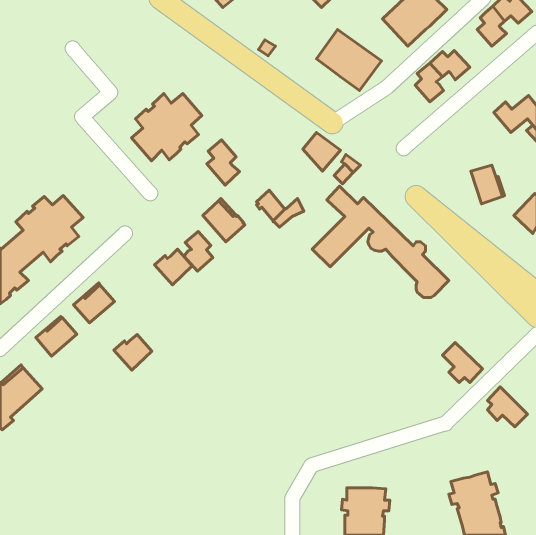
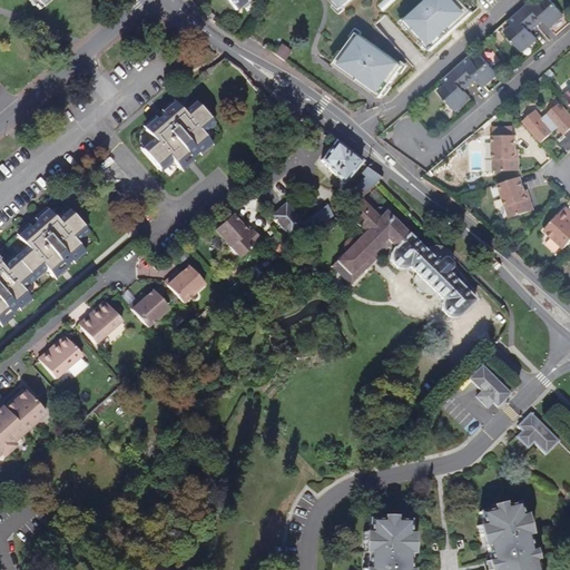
building: none -> [494,134,519,169]
building: [207,140,239,185] -> none
building: [184,232,213,271] -> none
building: [114,334,152,370] -> [129,288,169,326]

